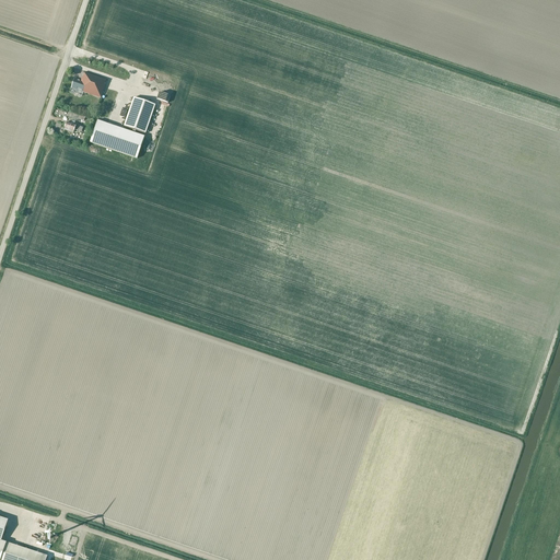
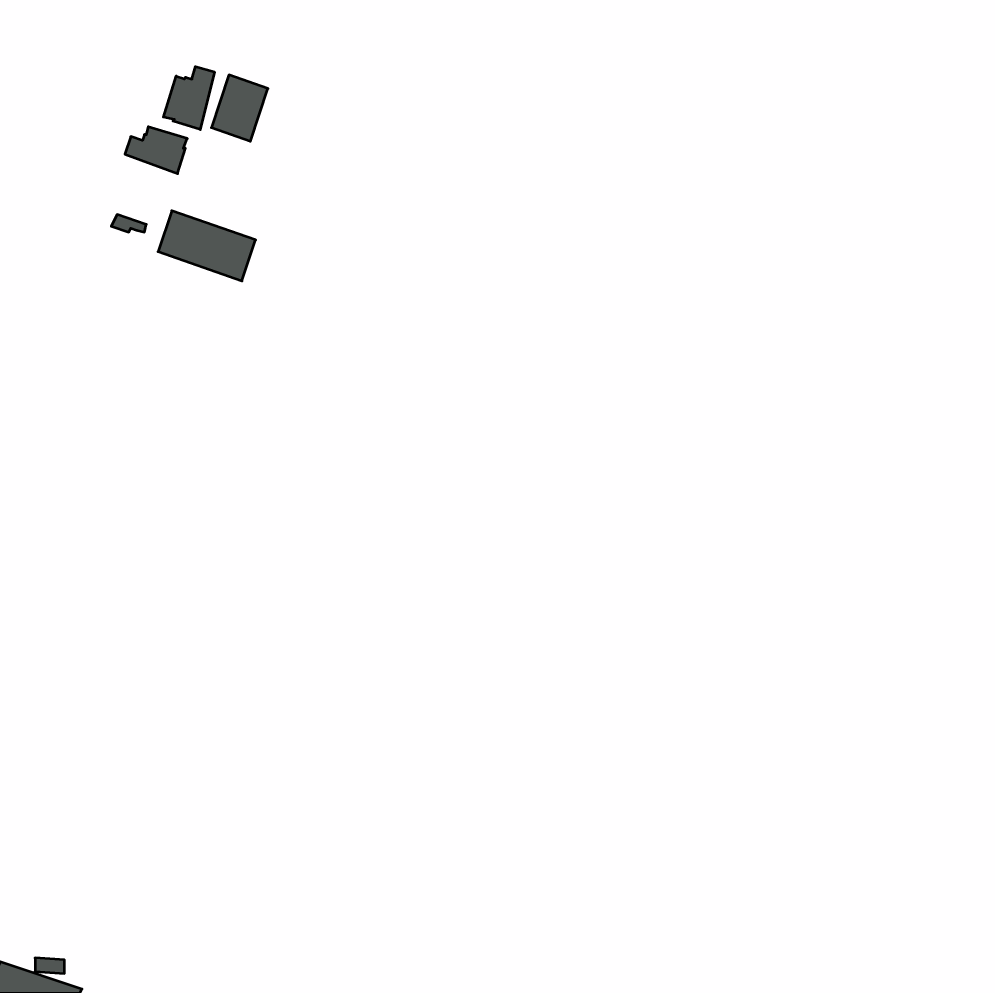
building: none -> [163,67,214,130]
building: [122,95,154,132] -> [211,75,268,141]

